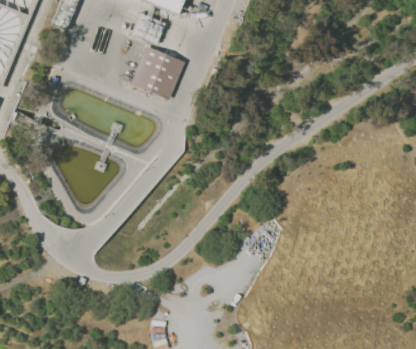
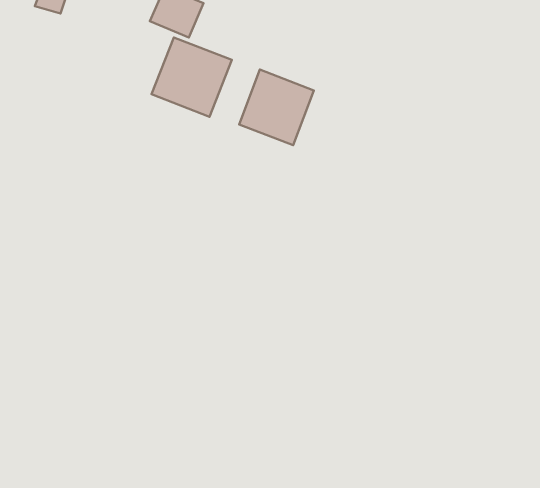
building: none -> [239,70,314,145]

